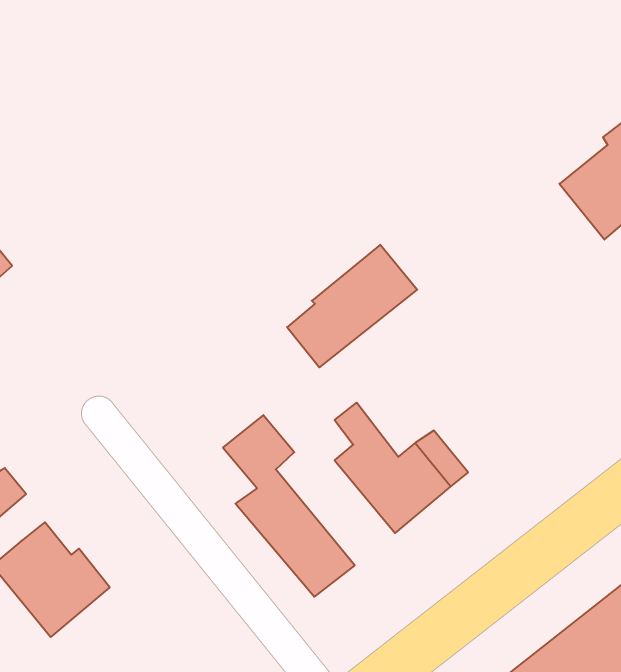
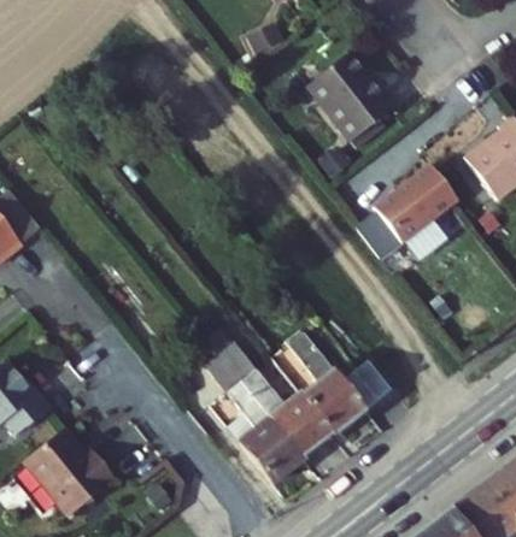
building: none -> [305,48,401,143]
building: [287,245,417,367] -> [358,164,459,259]
building: none -> [238,366,330,454]

